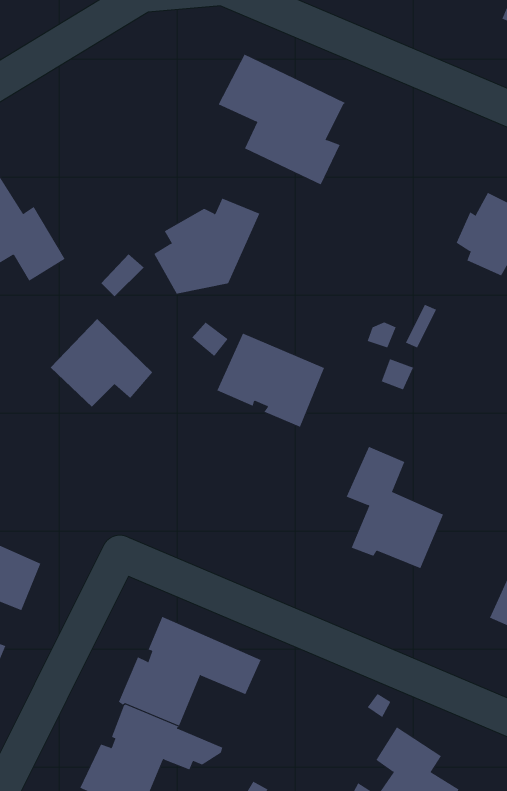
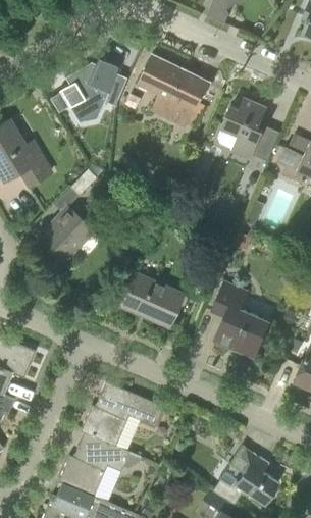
building: none -> [222,98,280,161]
building: [153,198,260,294] -> [59,57,121,113]
building: [216,333,325,427] -> [118,272,182,327]

